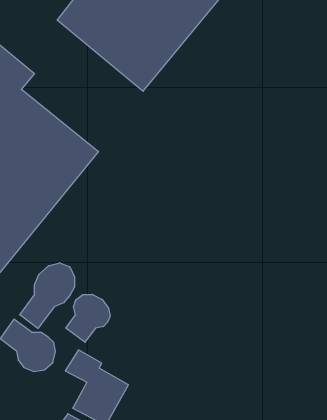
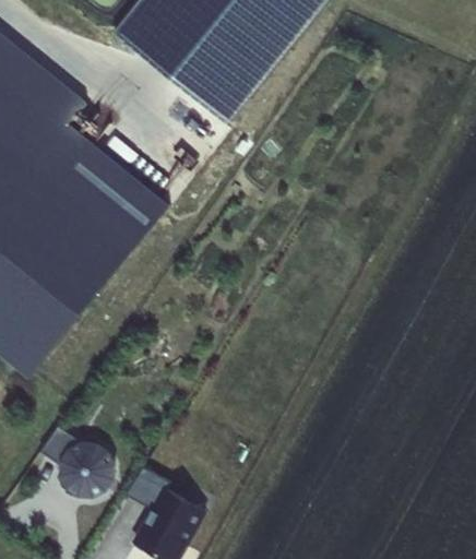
building: [20,263,75,328] -> none
building: [66,294,110,342] -> none

